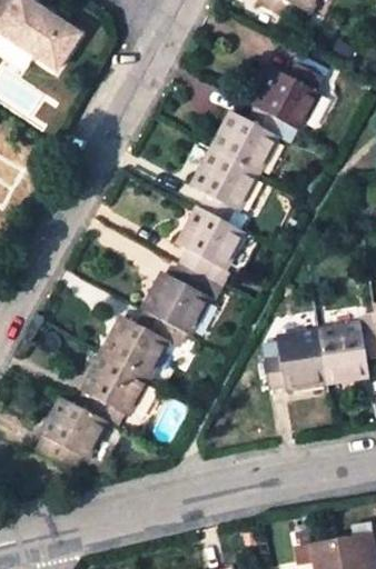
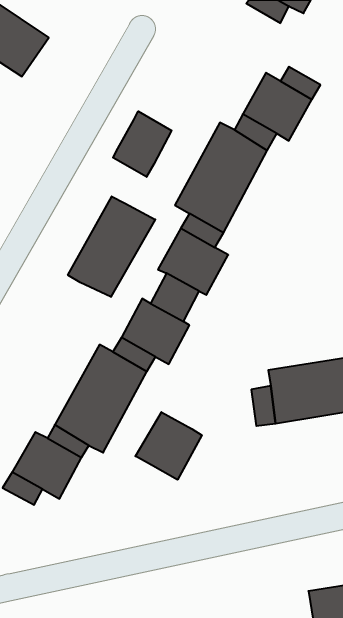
building: none -> [113,111,172,177]
building: none -> [68,196,155,297]
building: none -> [135,412,202,480]

